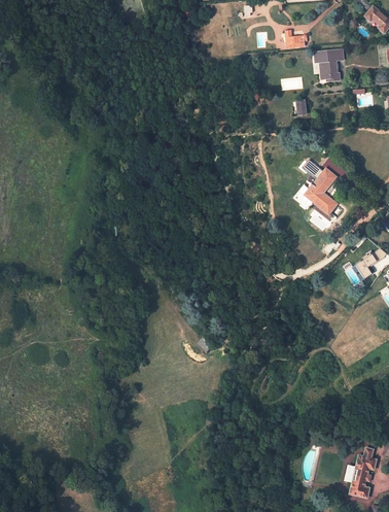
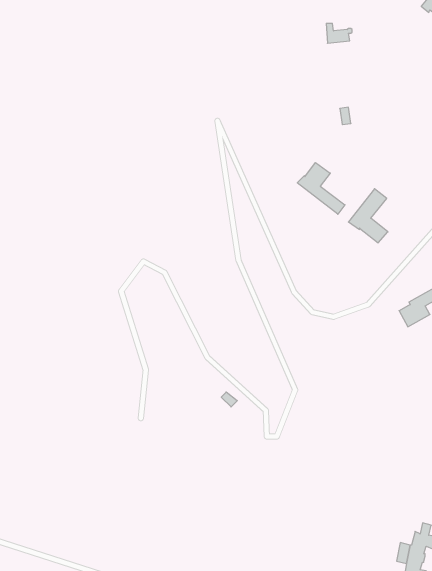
building: [314,49,343,81] -> none
building: none -> [297,163,345,214]

